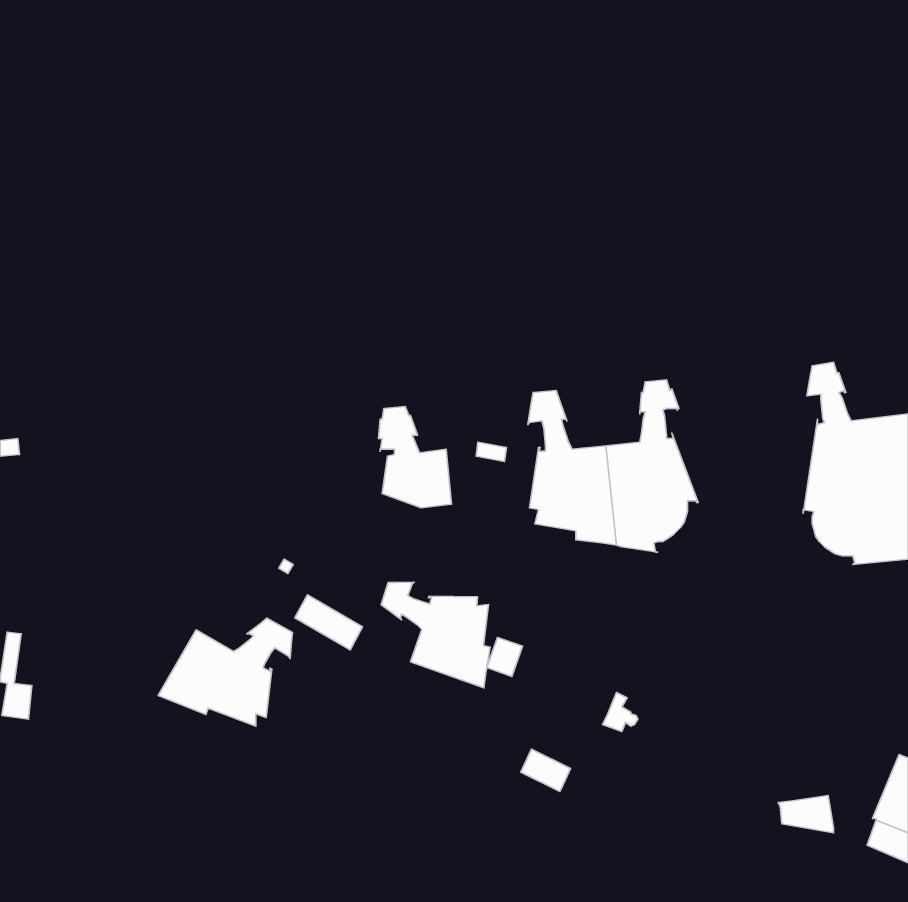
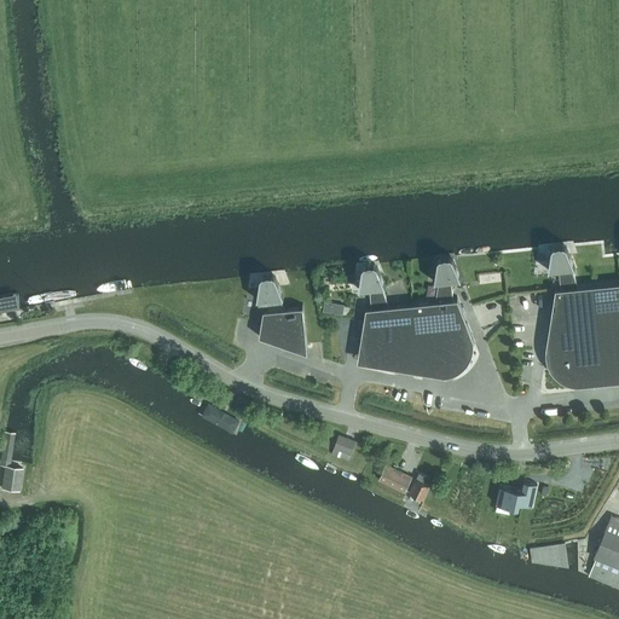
building: [381,582,490,688] -> none
building: [158,618,292,726] -> none
building: none -> [497,485,538,511]
building: [521,749,571,792] -> [378,467,412,496]

